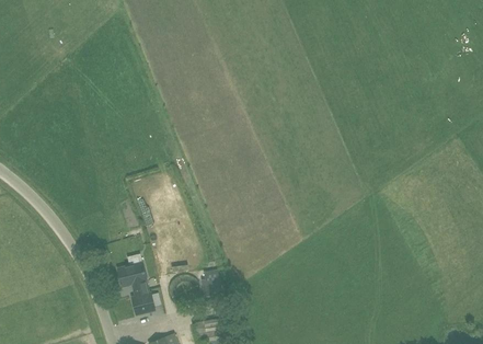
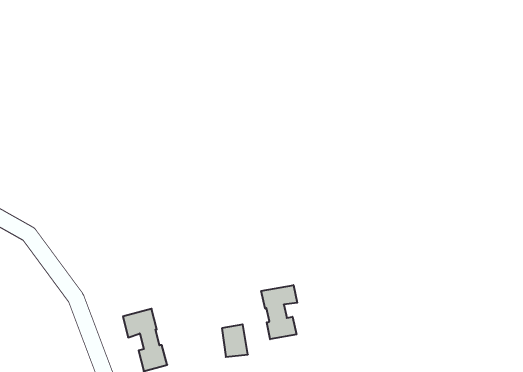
building: none -> [261,285,297,339]

